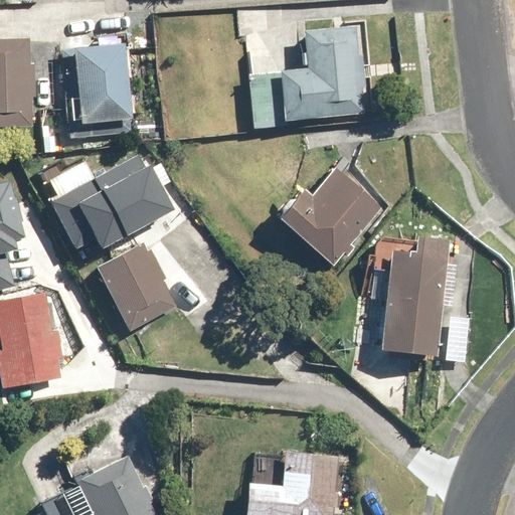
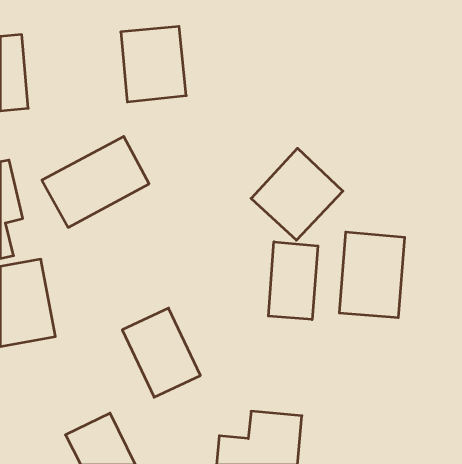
building: [248,28,364,128] -> none
building: [59,47,132,131] -> [121,26,186,102]
building: [90,231,176,330] -> [122,308,200,397]
building: none -> [268,242,318,320]

